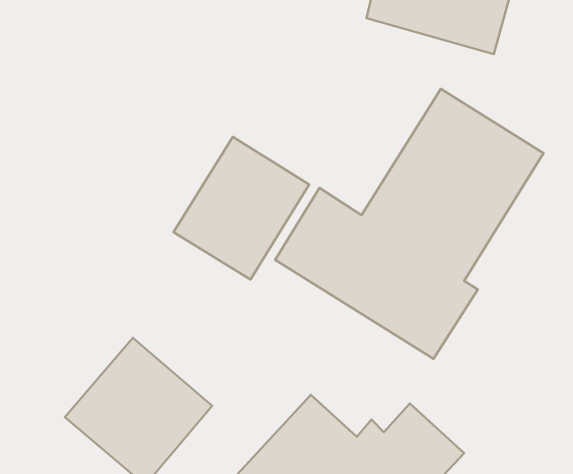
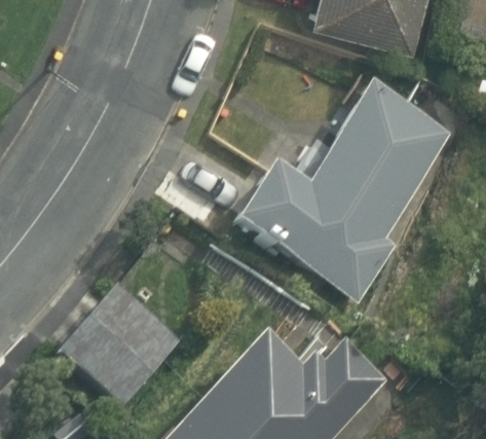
building: [173,137,309,279] -> none

